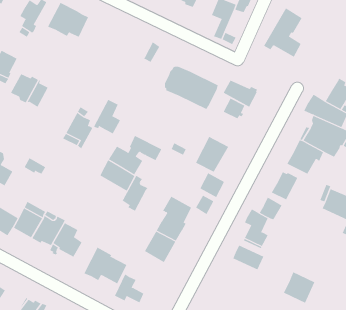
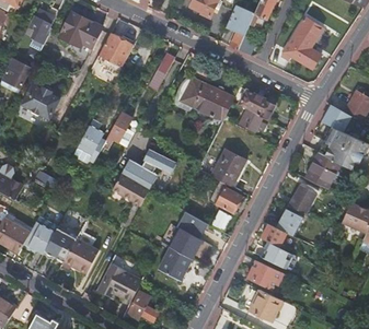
building: none -> [94,32,132,72]
building: [122,175,148,212] -> none
building: [283,272,315,303] -> [249,289,281,321]

